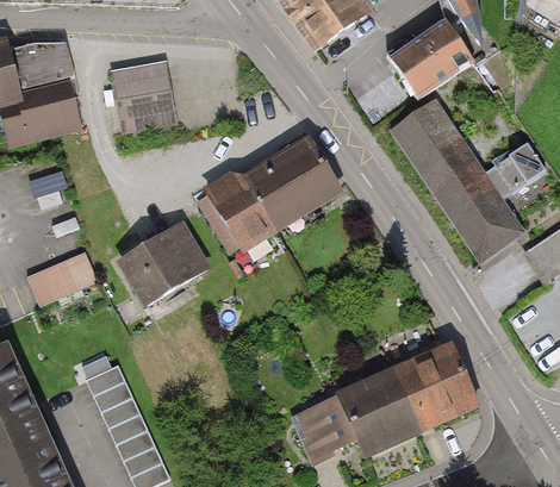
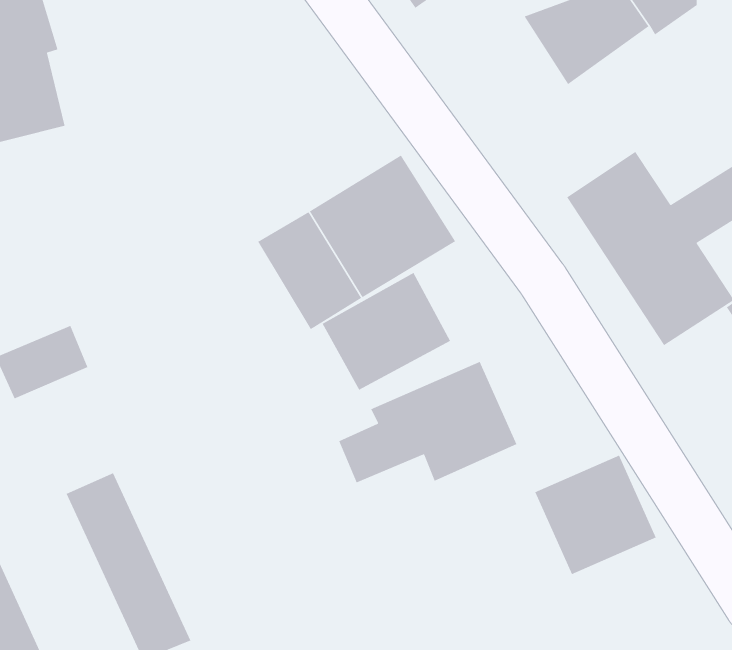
building: [114,67,176,131] -> none
building: [391,101,462,169] -> none
building: [120,226,207,306] -> [322,272,451,391]
building: [299,367,419,449] -> [338,361,518,483]

